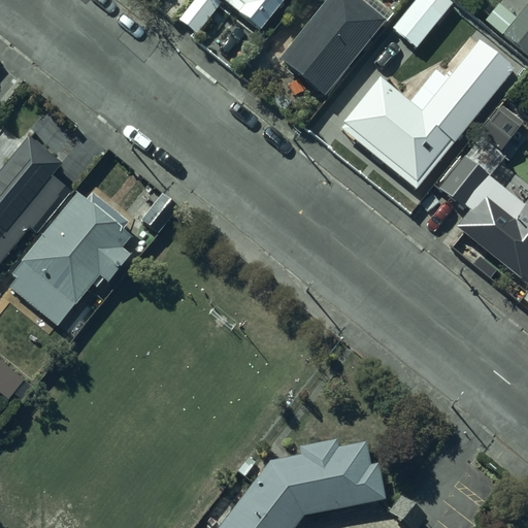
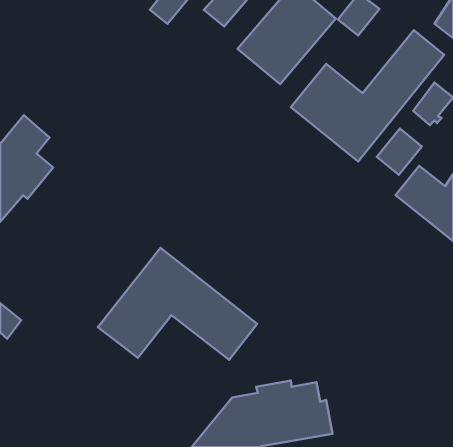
building: [8,191,128,315] -> none
building: none -> [98,248,257,360]

